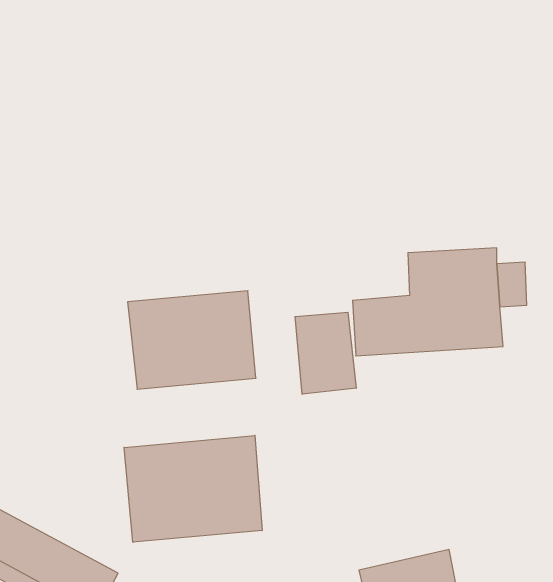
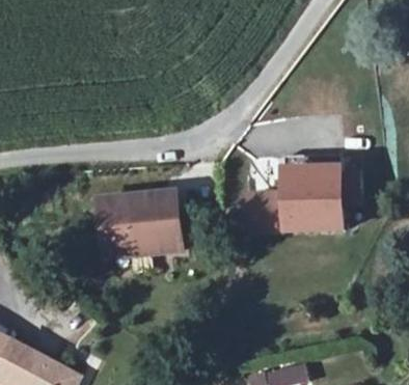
building: [295,312,356,394] -> none
building: [124,435,262,542] -> none

